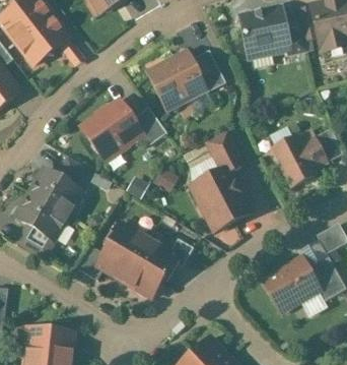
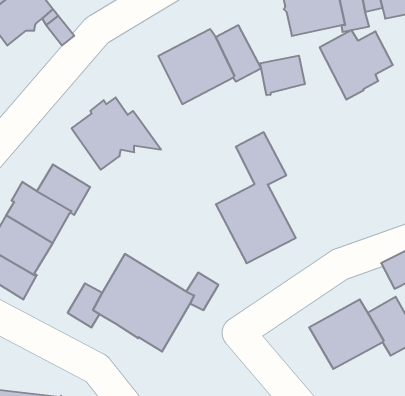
building: none -> [260,56,305,95]
building: [131,106,166,143] -> none
building: [271,134,327,187] -> [320,30,393,100]

